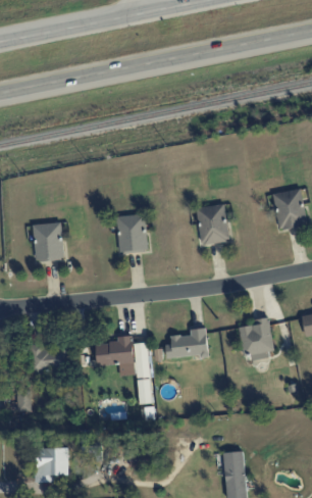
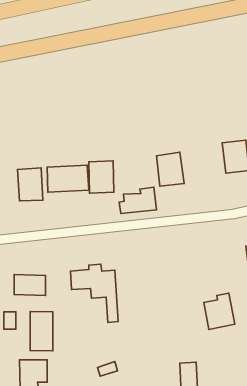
building: none -> [47,165,89,192]
building: [239,316,275,359] -> [204,293,235,329]
building: [165,328,209,358] -> [119,187,156,213]
building: none -> [30,312,53,351]

